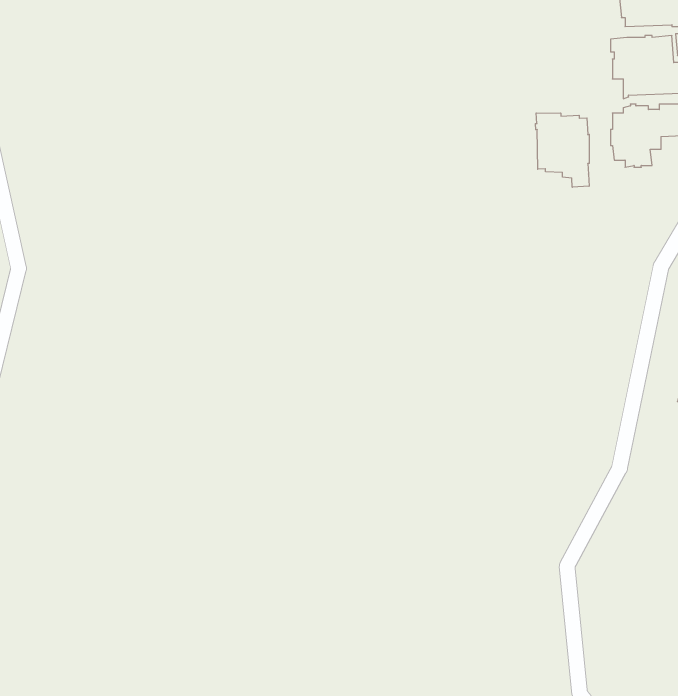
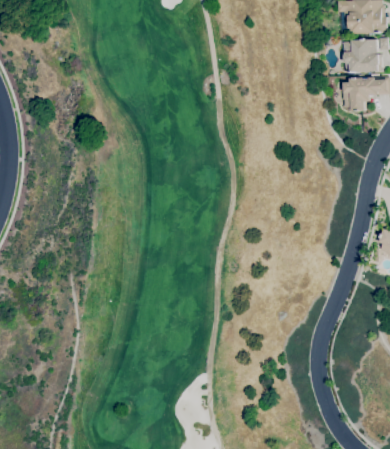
building: [535,113,589,187] -> none

